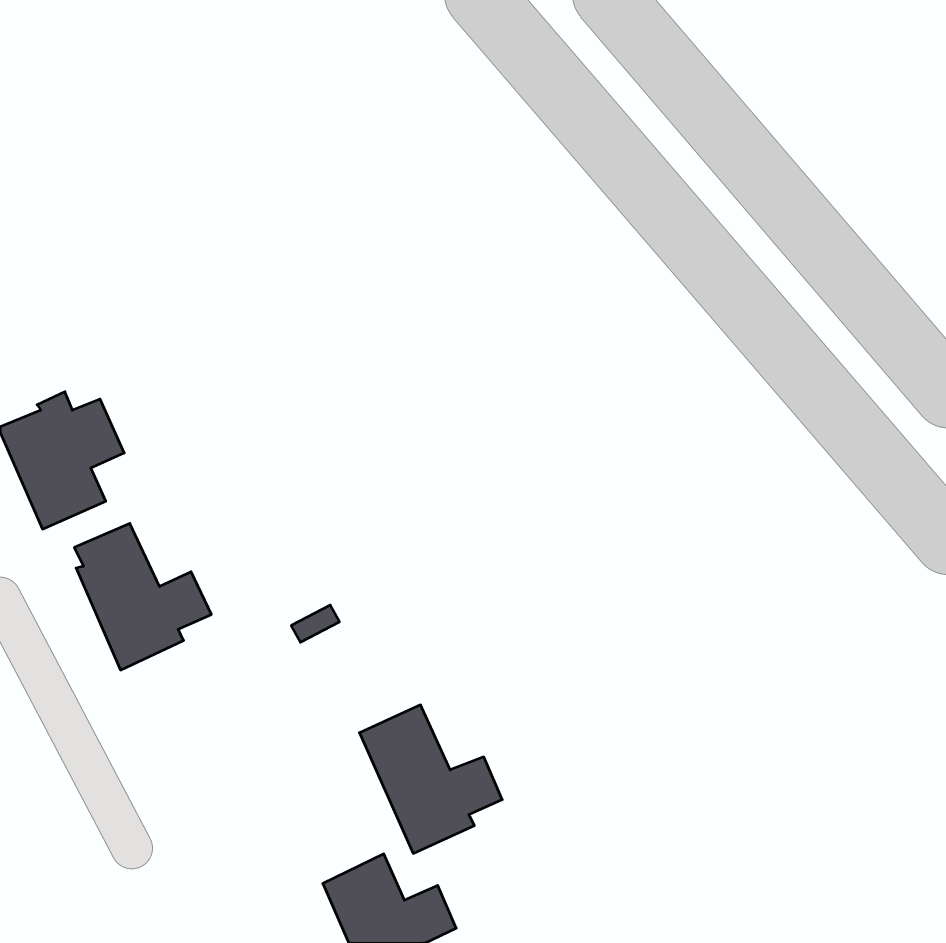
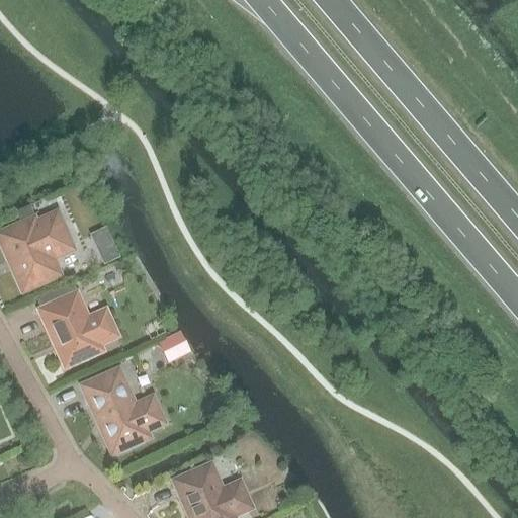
building: none -> [92,224,121,261]
building: [359,705,502,853] -> [85,370,163,451]

